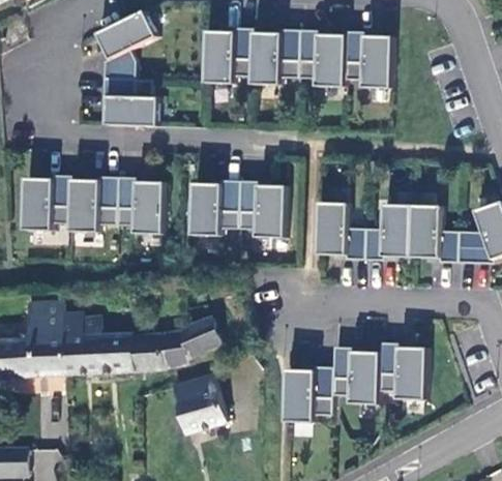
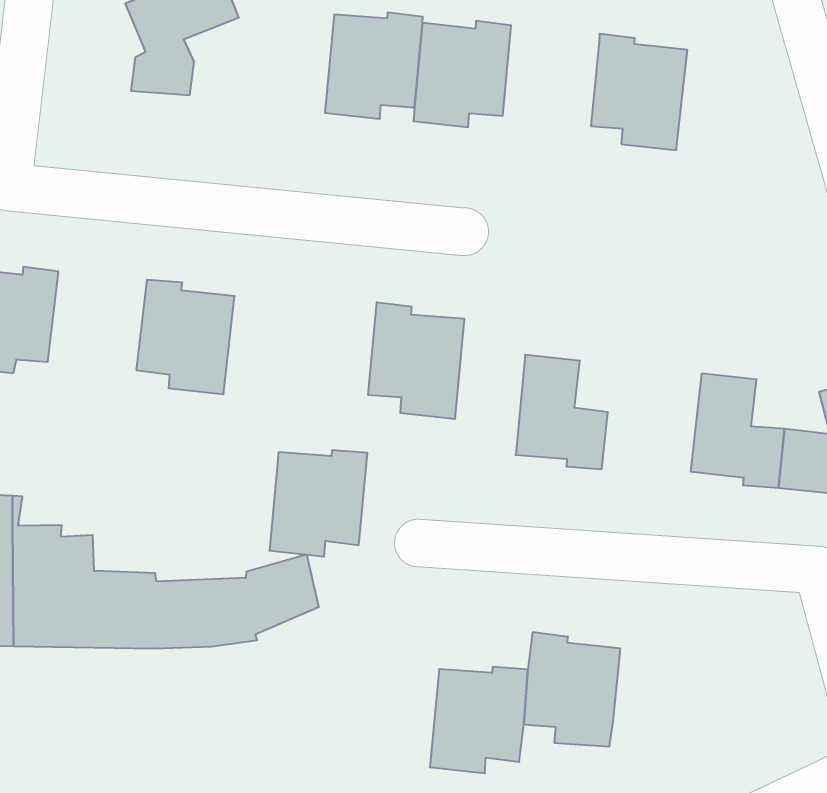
building: [296,30,344,87] -> none
building: [100,79,156,126] -> none
building: [67,176,116,232] -> none
building: [189,180,237,236] -> [269,450,367,557]
building: [361,204,410,260] -> none
building: [377,342,424,399] -> none
building: [169,373,225,432] -> none

